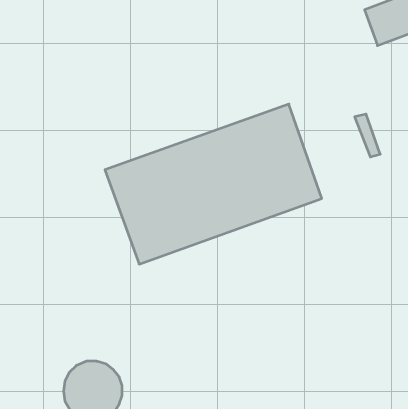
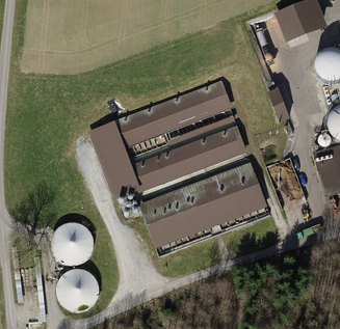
building: none -> [135,162,268,255]
building: none -> [52,221,96,265]

